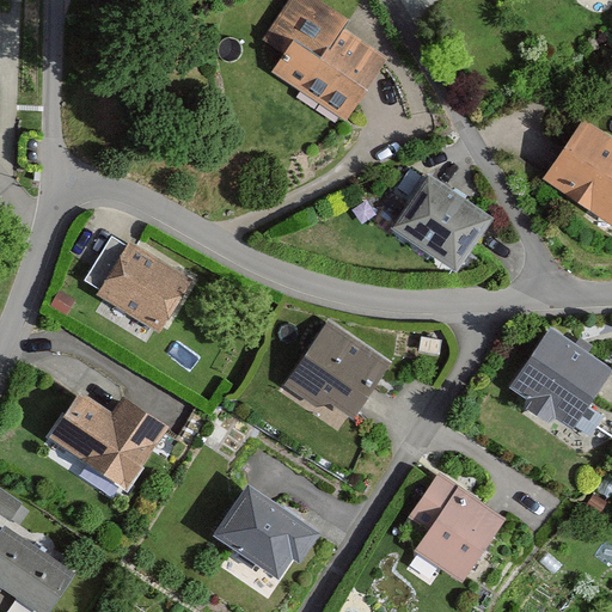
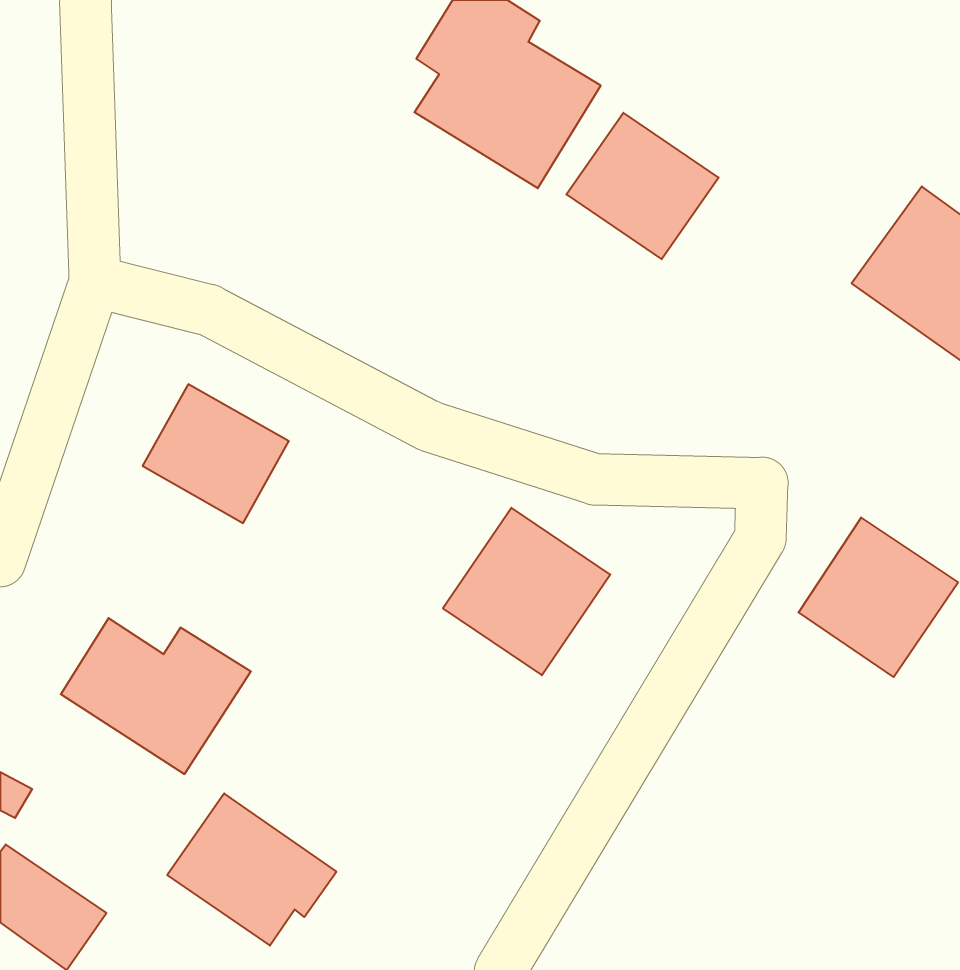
building: [391,177,486,269] -> [566,113,719,259]
building: [409,475,500,581] -> none
building: [210,483,317,579] -> [167,793,336,946]

